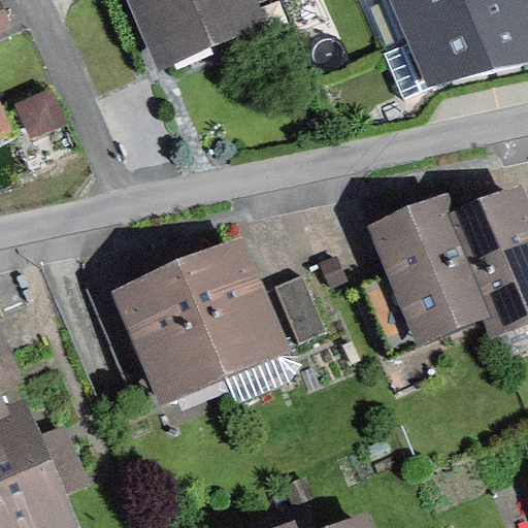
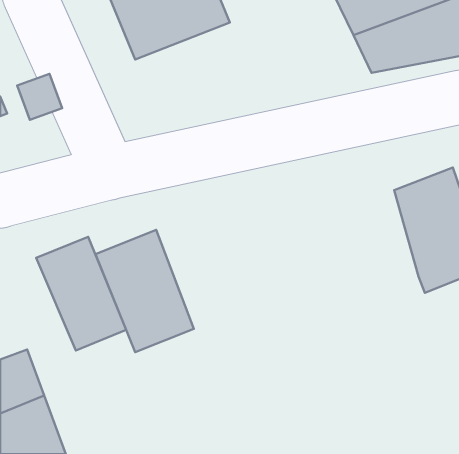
building: [359,194,481,345] -> none
building: [180,238,286,376] -> none
building: none -> [36,237,126,350]

